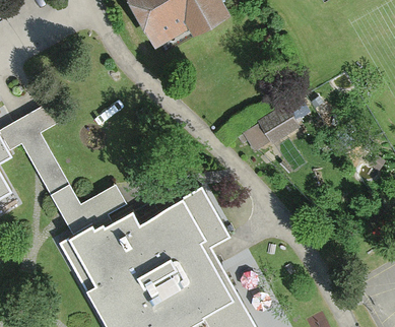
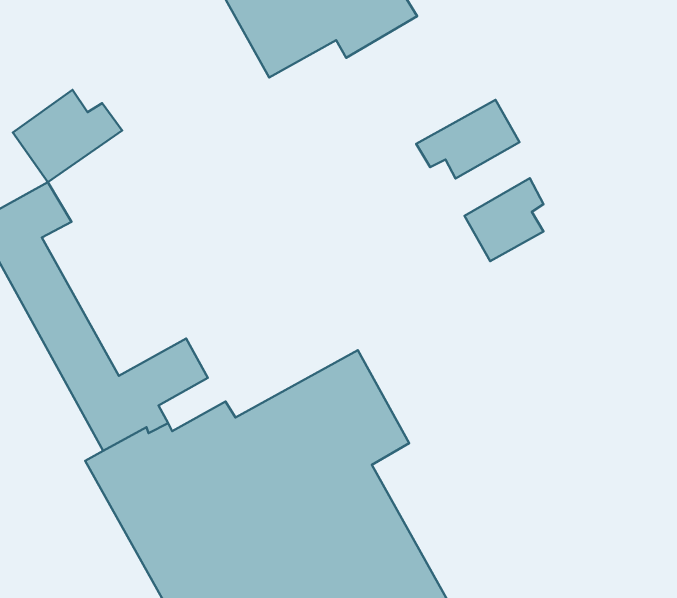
building: none -> [13,90,122,182]
building: none -> [416,100,519,179]

